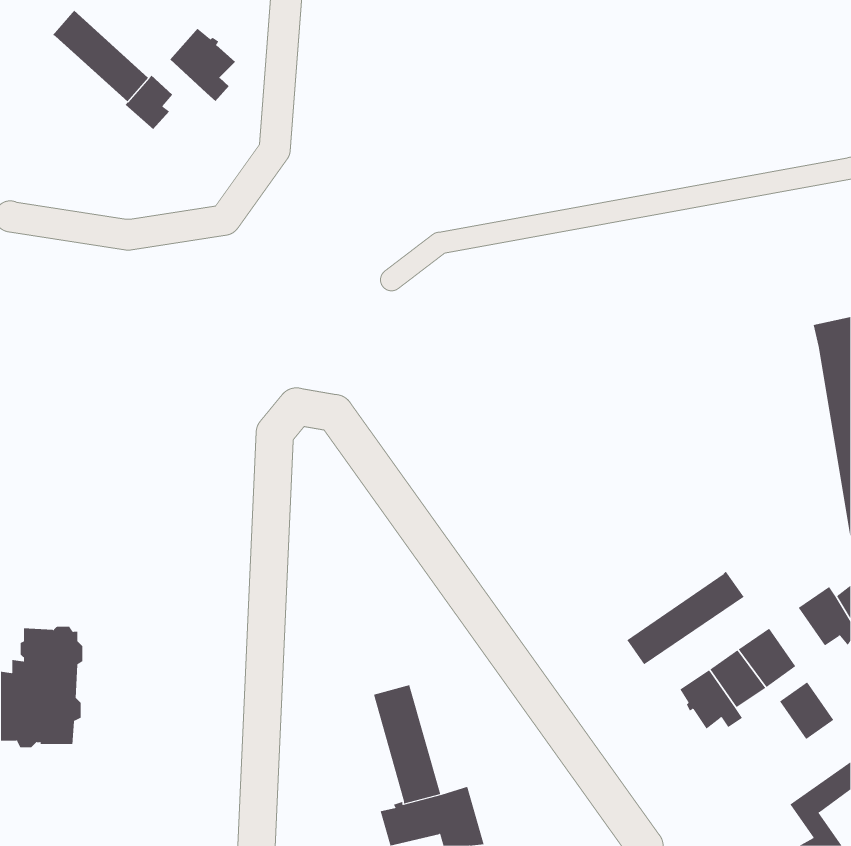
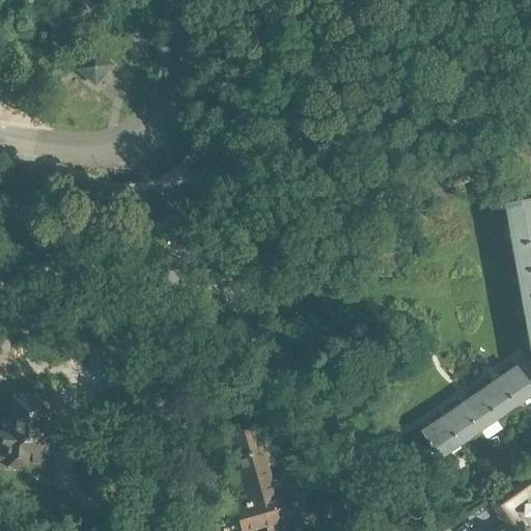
building: [52,10,149,102] -> none
building: [169,28,236,102] -> none
building: [626,571,744,665] -> none
building: [779,682,834,740] -> [479,379,513,415]

